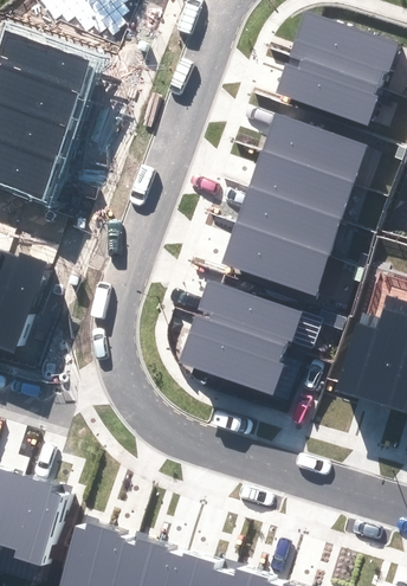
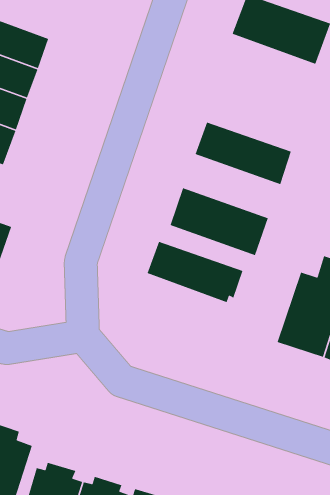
building: [276,57,380,127] -> none
building: [261,114,367,183] -> none
building: [235,187,342,256] -> none
building: [180,316,285,397] -> none

